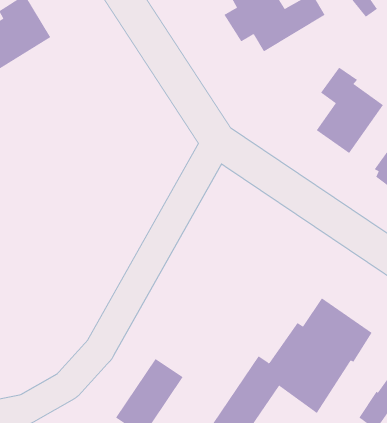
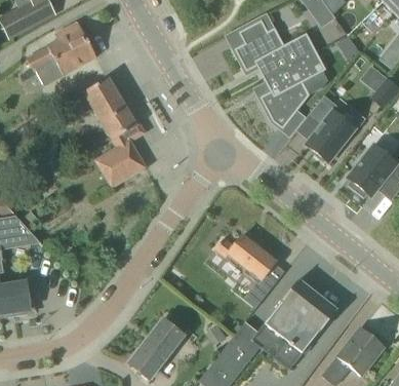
building: none -> [262,52,325,127]
building: none -> [83,74,148,188]
building: none -> [214,234,277,308]

